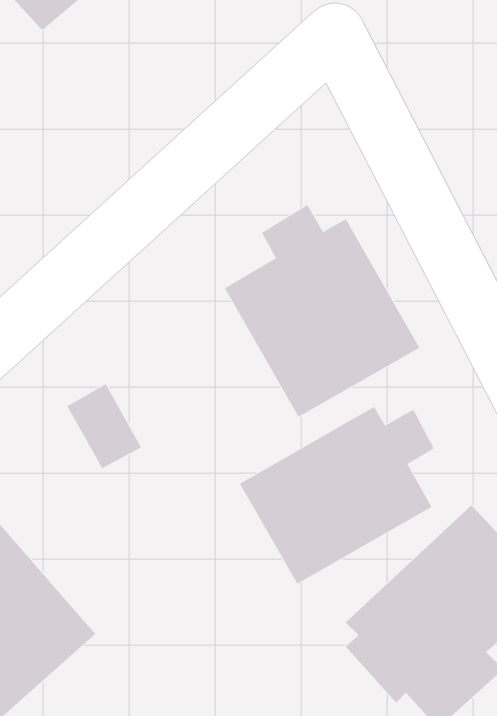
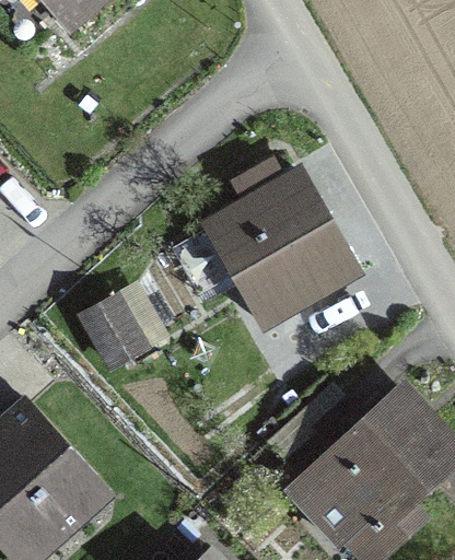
building: [239,406,435,584] -> none

